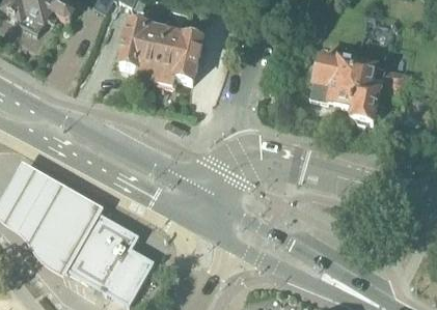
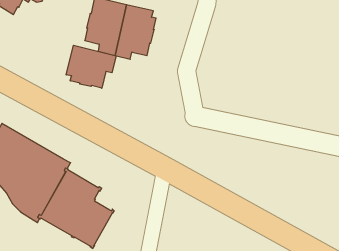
building: [309,46,406,124] -> none
building: none -> [66,45,116,88]

